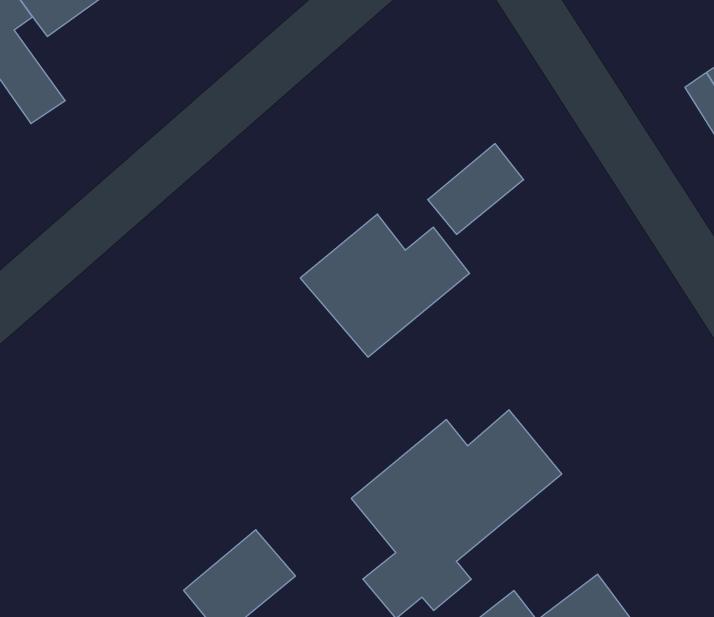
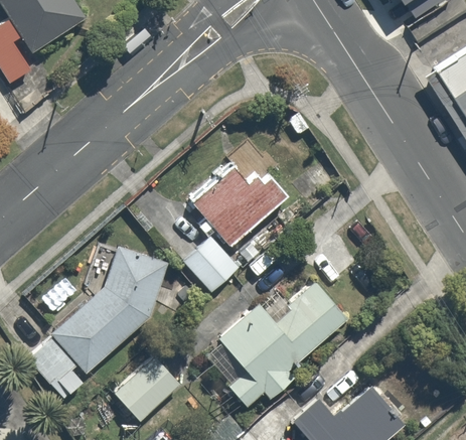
building: [428,144,524,234] -> none
building: none -> [181,235,239,292]
building: none -> [26,244,169,398]

